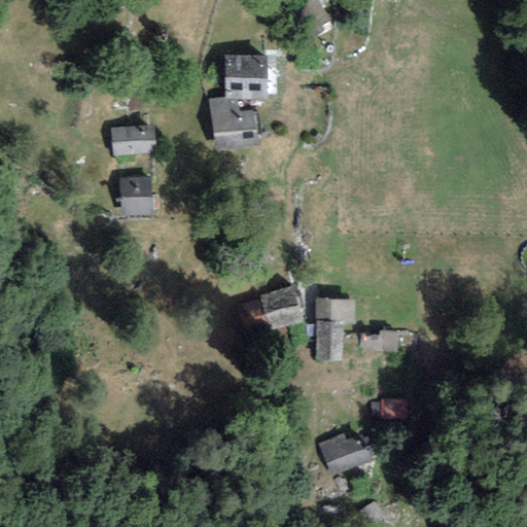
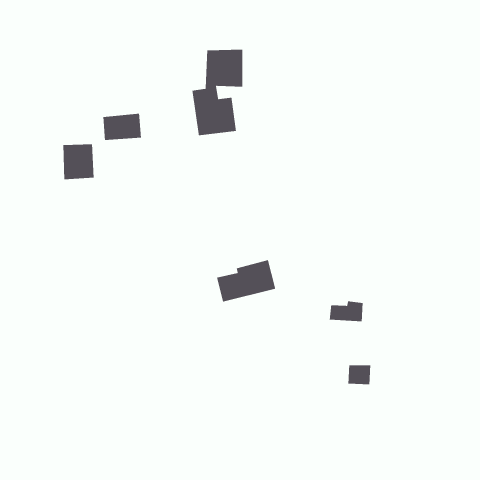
building: [119,175,154,215] -> [63,143,95,180]
building: [314,296,355,359] -> none
building: [319,432,375,480] -> none

